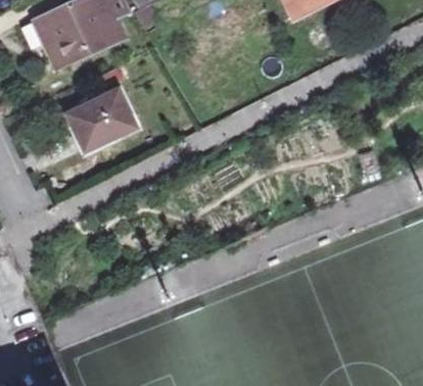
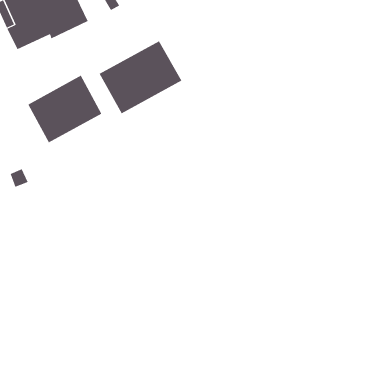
building: none -> [99,40,182,114]

